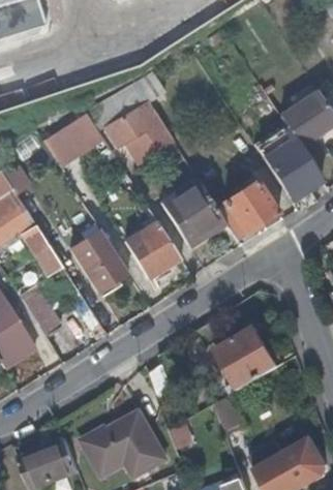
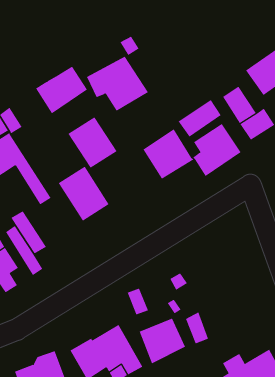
building: none -> [178,99,222,138]
building: [125,221,182,280] -> [67,117,117,168]
building: [215,325,278,388] -> none

